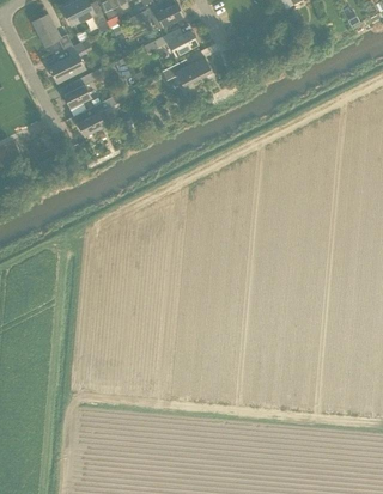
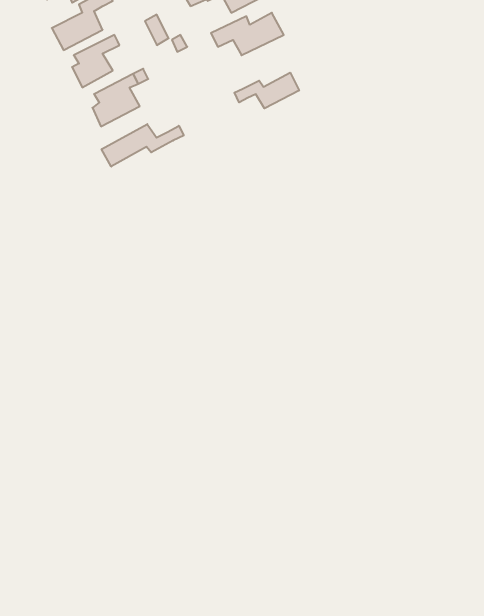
building: none -> [234,73,299,108]
building: none -> [102,124,184,167]

